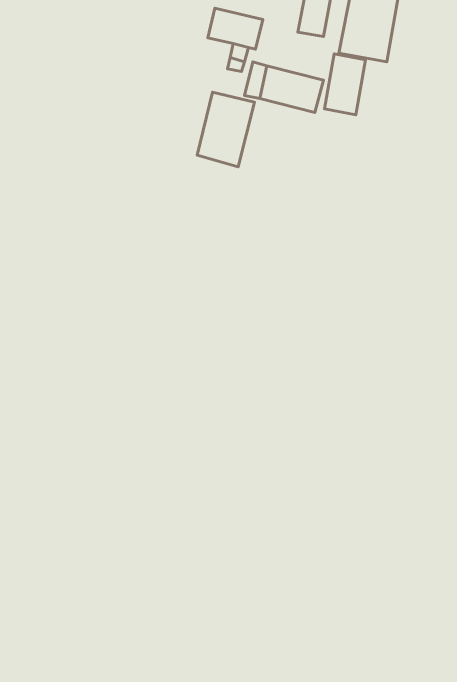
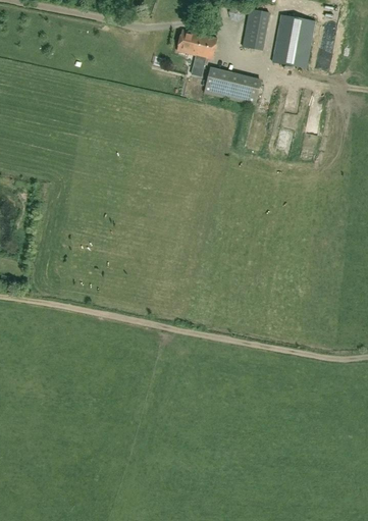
building: [324,54,366,115] -> none
building: [197,92,254,167] -> none

